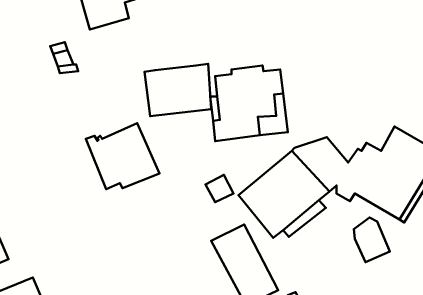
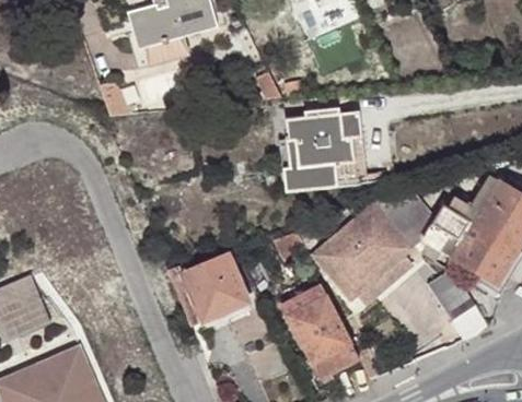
building: [144,64,211,116] -> none
building: [86,123,159,189] -> [170,251,253,326]

